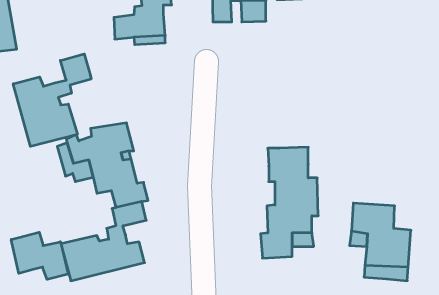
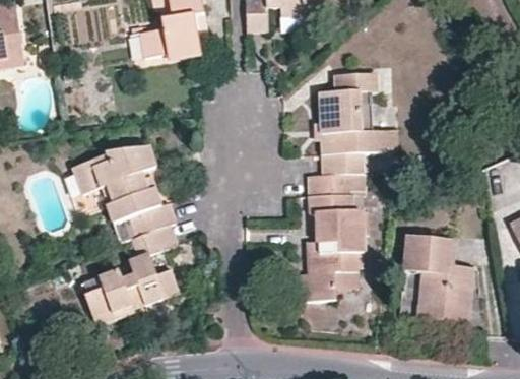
building: [13,54,91,146] -> none
building: none -> [320,72,399,174]
building: [11,232,68,279] -> none

